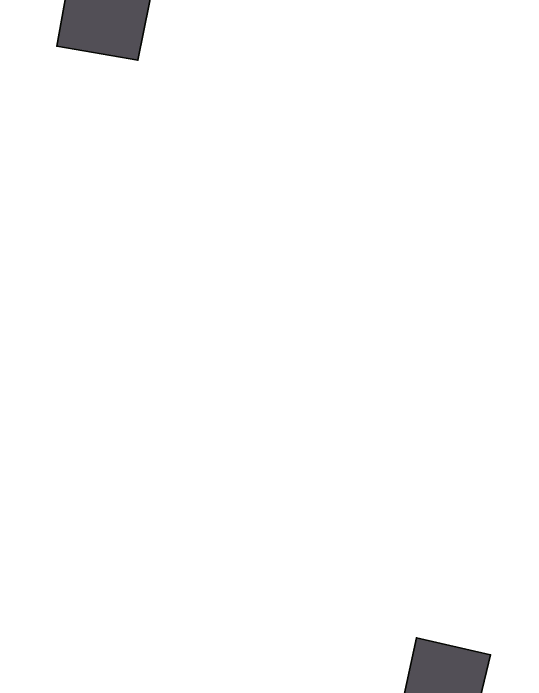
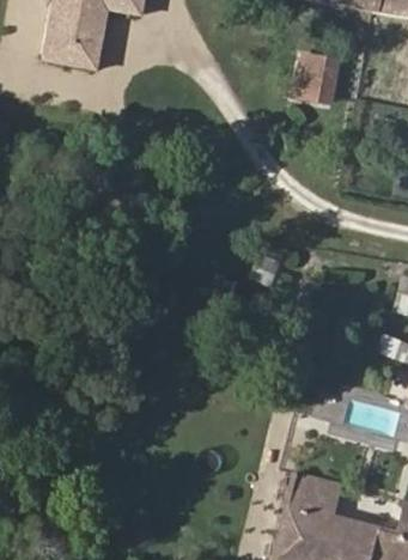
building: none -> [291,49,339,104]

